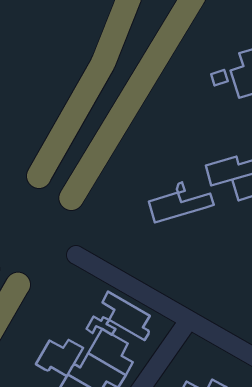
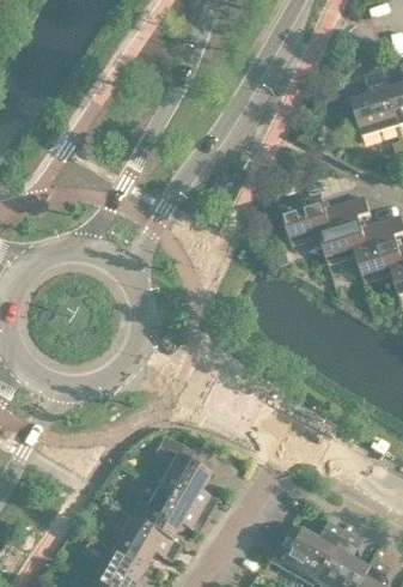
building: [149,193,214,222] -> [282,198,371,238]
building: [102,291,150,340] -> none
building: [36,340,83,376] -> none

